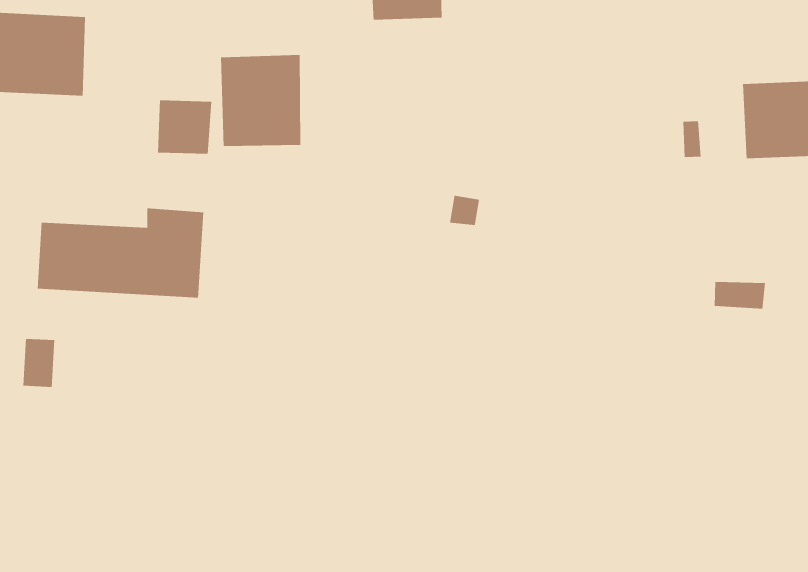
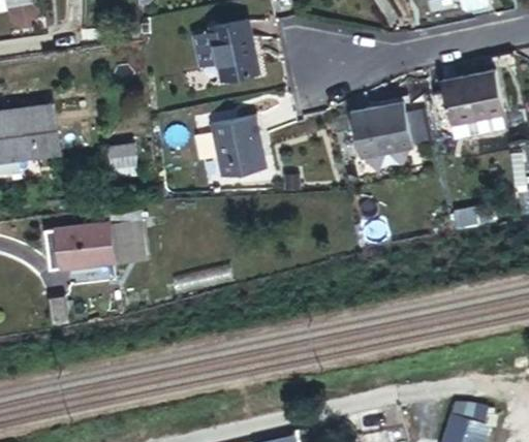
building: [220,55,301,146] -> [210,116,266,177]
building: none -> [350,101,411,159]

